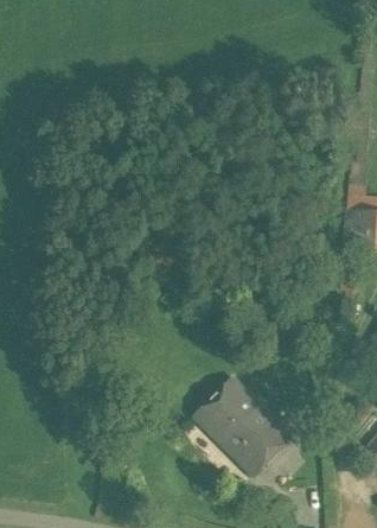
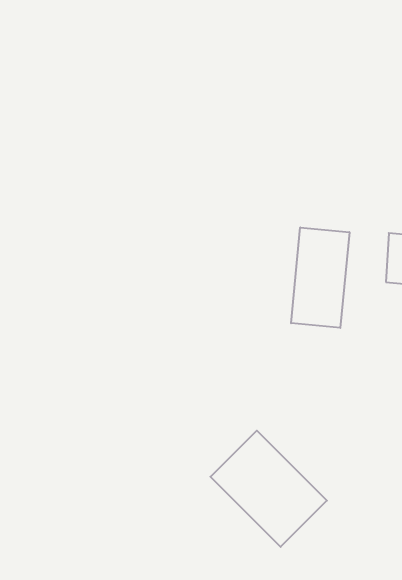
building: none -> [291,227,349,328]

